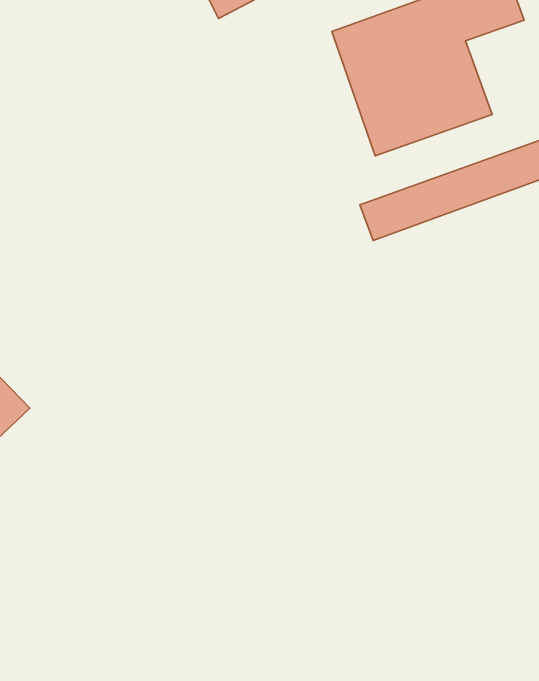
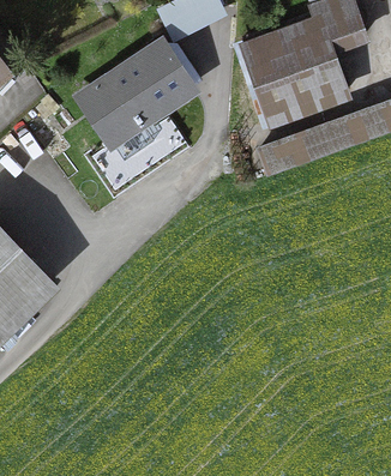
building: none -> [84,44,191,140]

